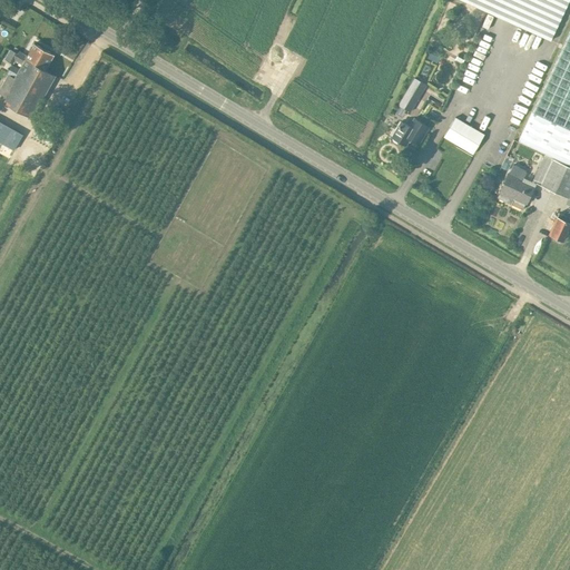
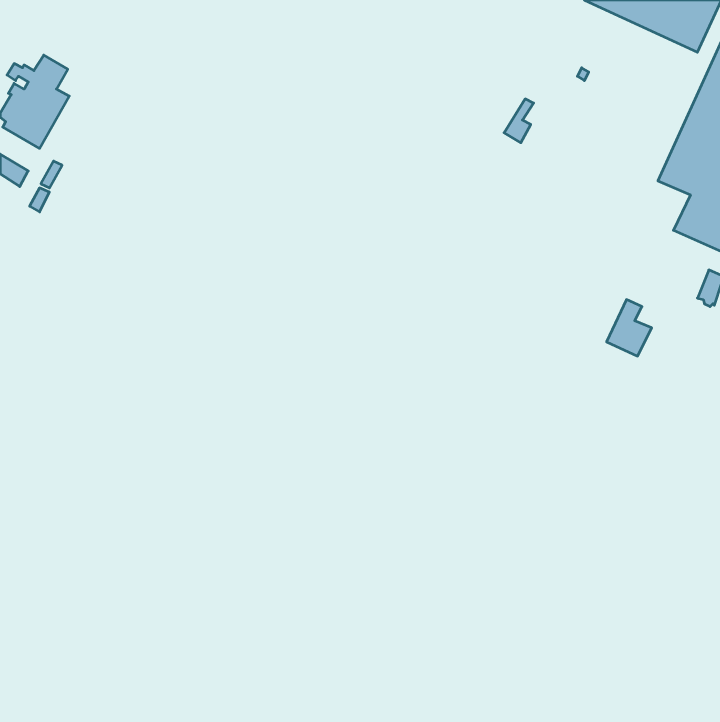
building: [394,117,430,144] -> none
building: [444,117,485,154] -> none
building: [499,165,534,209] -> [607,300,652,356]

